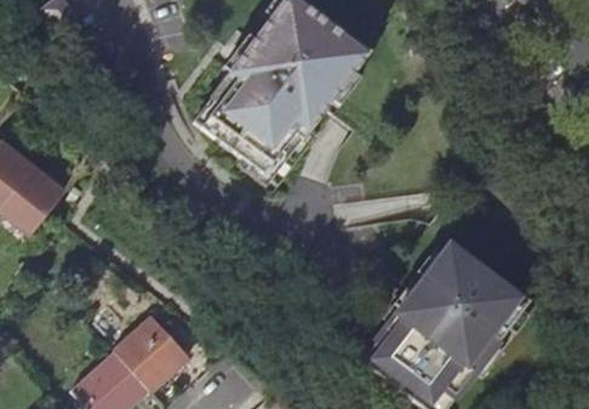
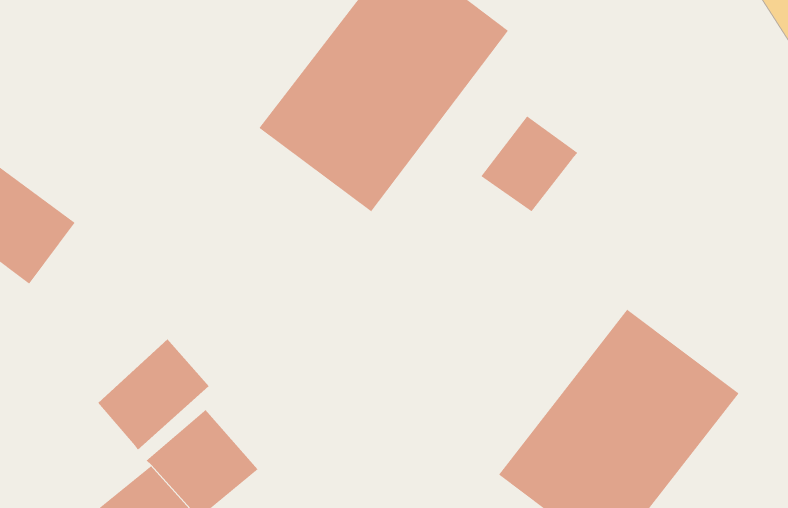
building: none -> [481,115,578,212]
building: none -> [98,338,210,451]

